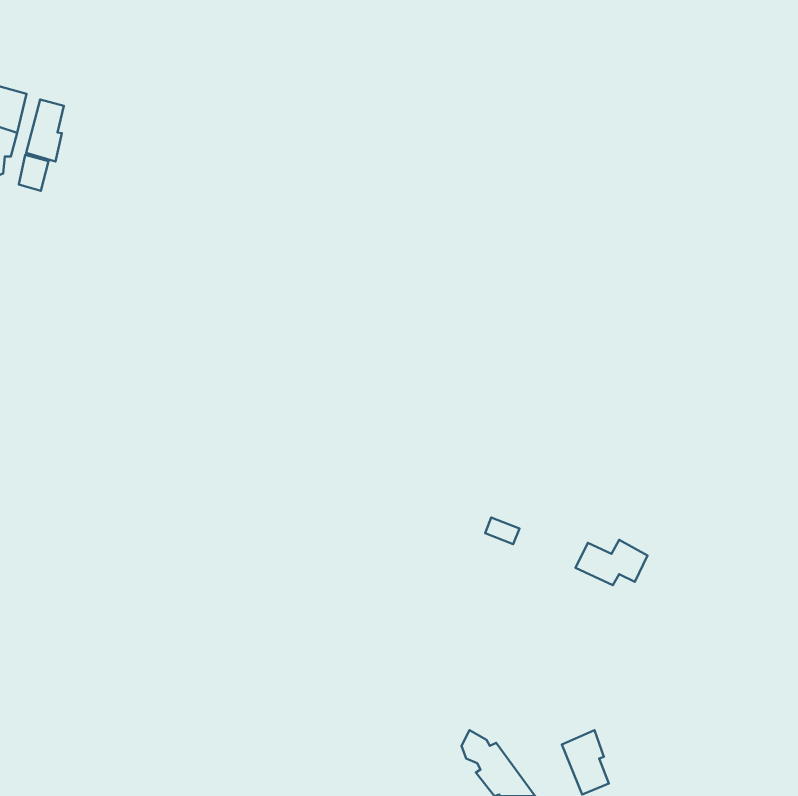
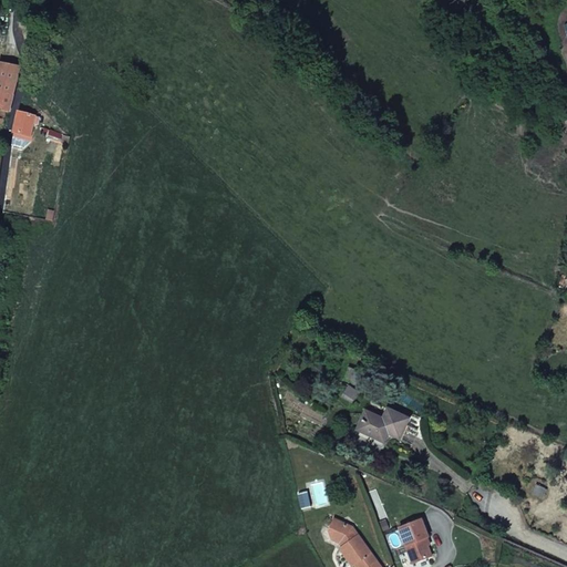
building: [26,100,64,161] -> none
building: [575,540,647,585] -> [355,408,406,440]

